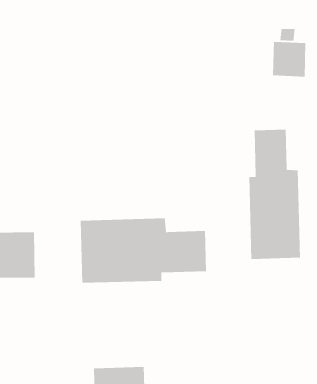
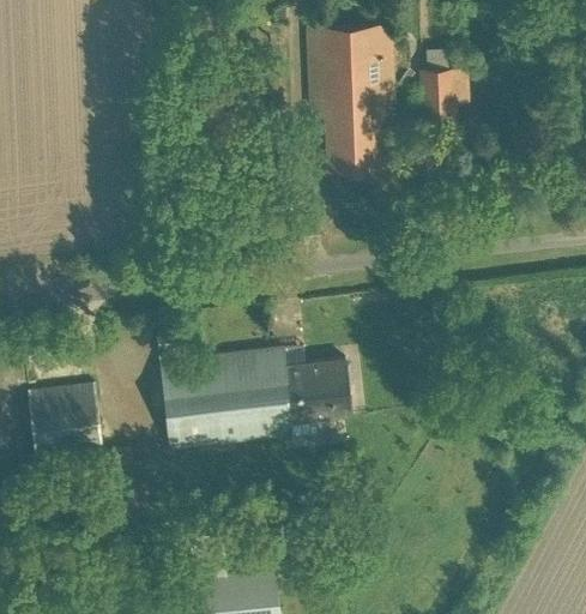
building: none -> [306,23,397,173]
building: [249,129,301,260] -> none

